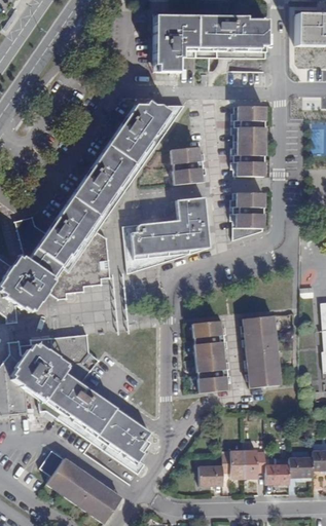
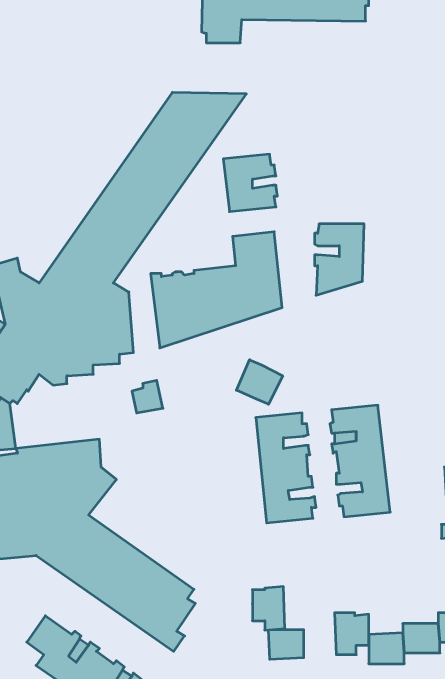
building: [230,106,264,175] -> none
building: none -> [236,360,283,404]
building: [223,450,245,479] -> [252,587,285,630]

